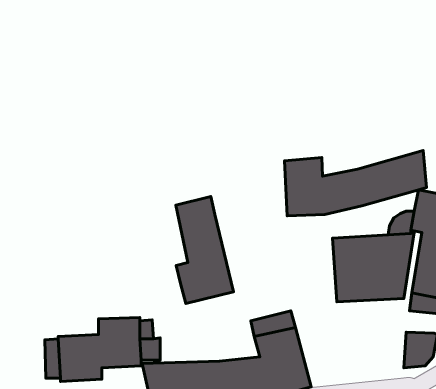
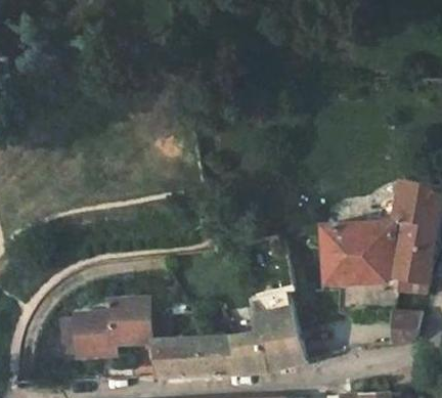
building: [285,151,426,216] -> none
building: [176,196,234,304] -> none

